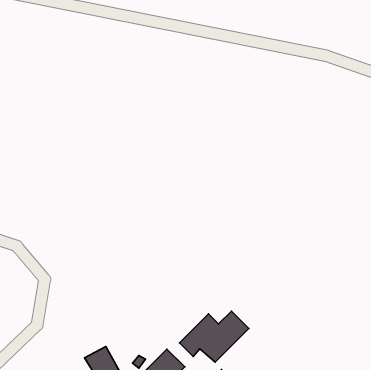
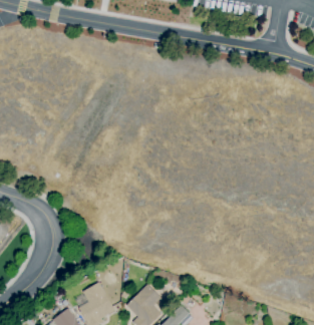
building: [180,311,249,362] -> none

